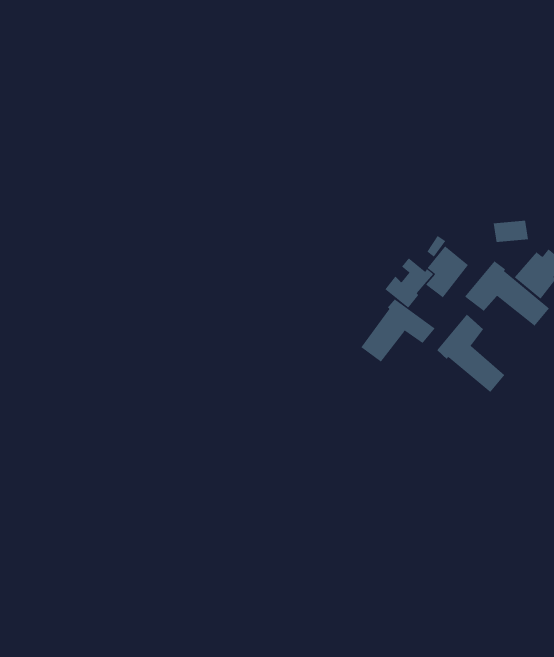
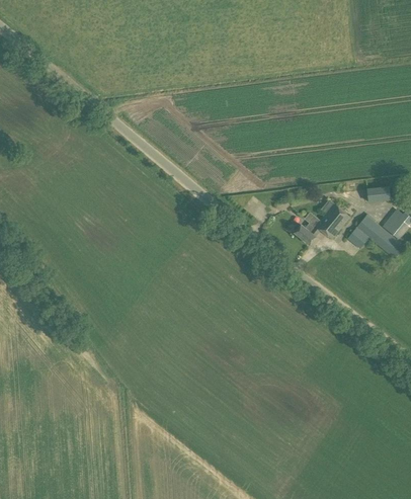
building: [360,298,435,362] -> none
building: [437,314,505,393] -> none

